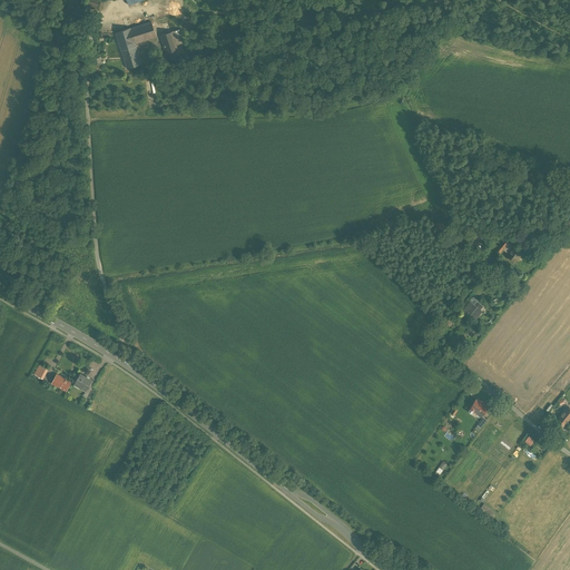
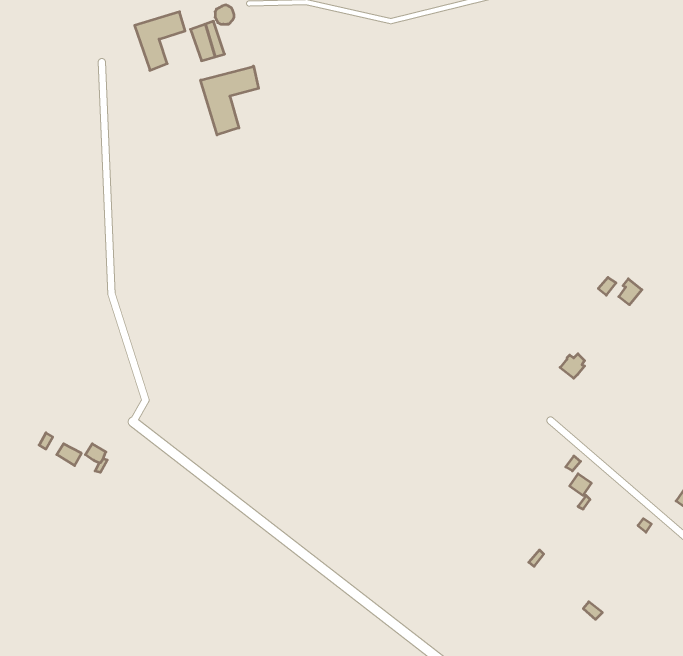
building: none -> [201,66,259,135]

